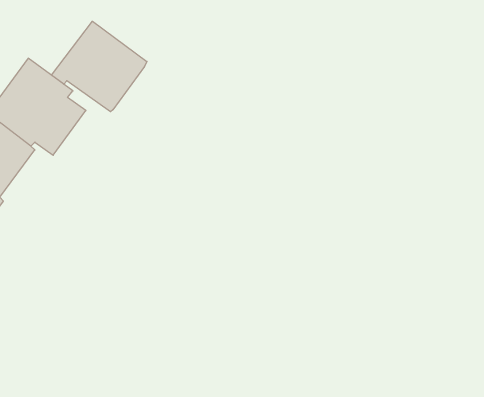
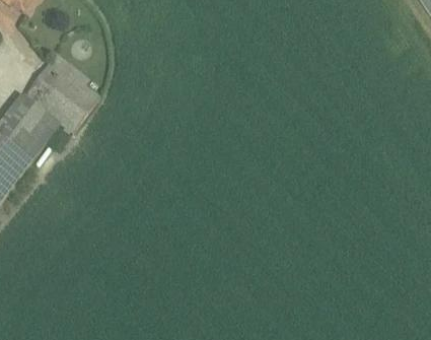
building: [52,21,147,112] -> none

